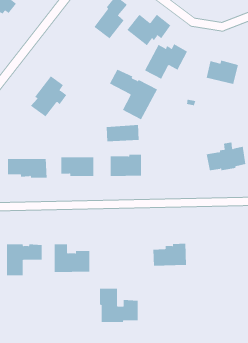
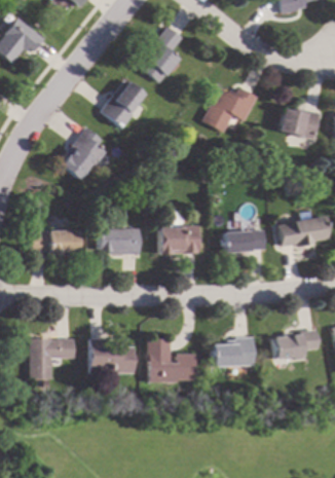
building: [127,14,171,46] -> none
building: none -> [100,78,144,127]
building: [109,69,158,120] -> none
building: [106,125,140,142] -> [225,229,267,251]
building: none -> [273,329,321,360]
building: [99,288,138,323] -> [147,338,196,381]

